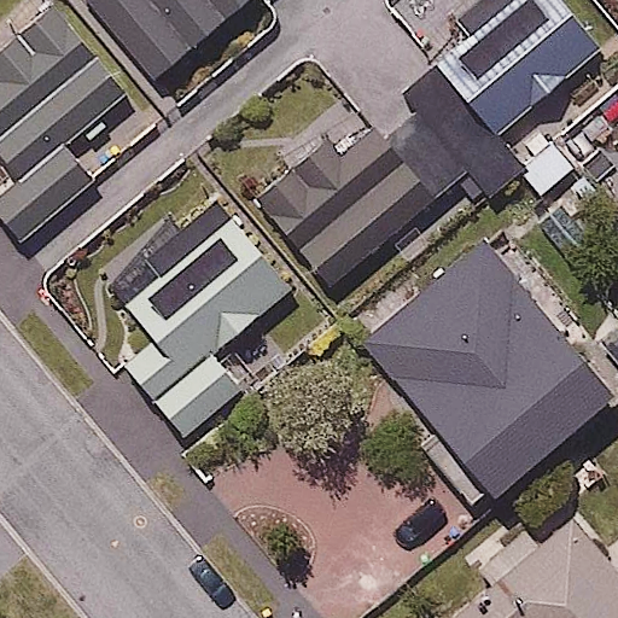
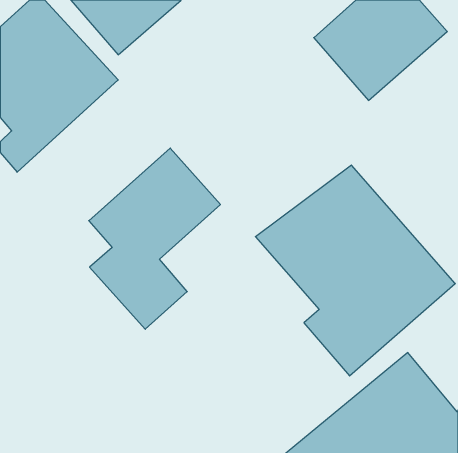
building: [237,84,525,292] -> none

